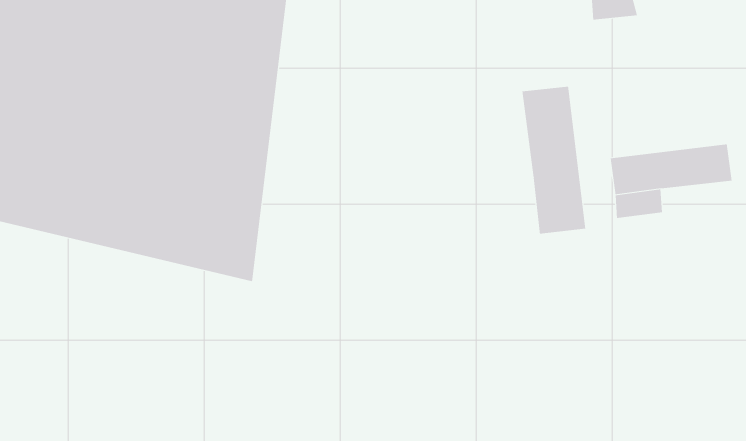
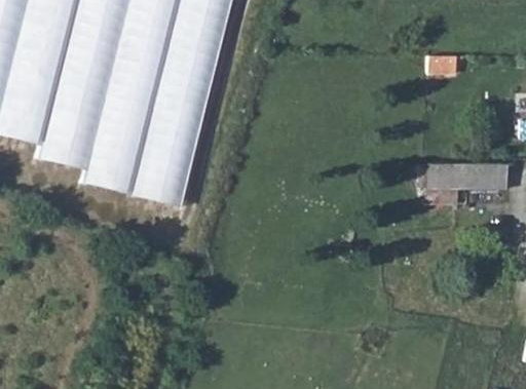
building: [522,86,586,234] -> none

